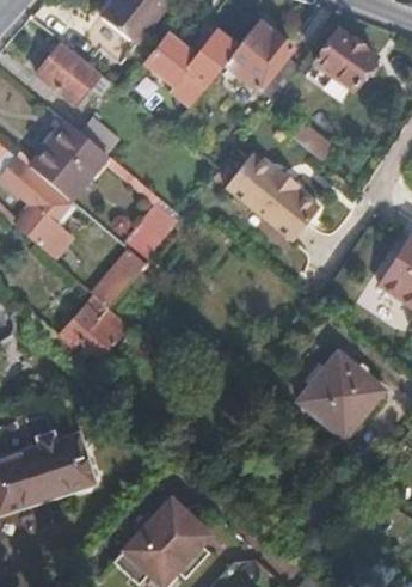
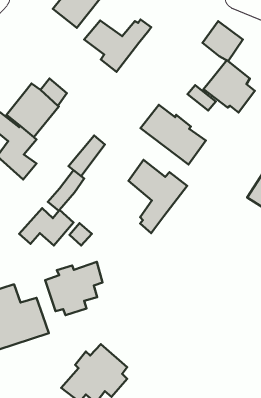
building: [223,22,297,97] -> [204,60,255,112]
building: [39,42,110,104] -> none
building: none -> [128,160,187,233]
building: [299,353,385,439] -> none
building: none -> [45,262,102,315]

